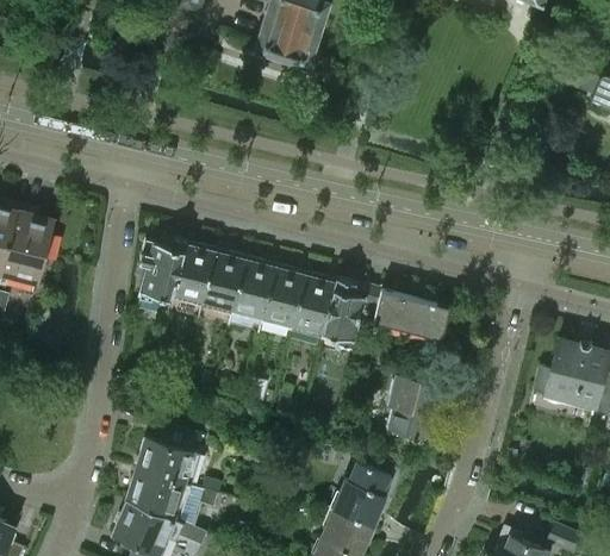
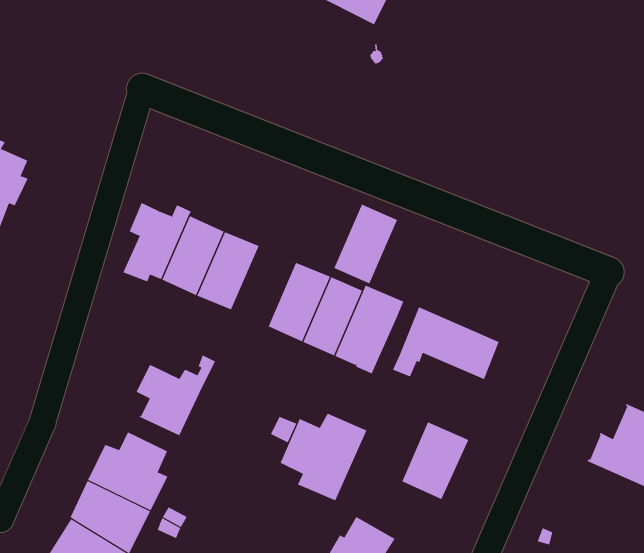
building: [231,260,276,323] -> [334,204,398,284]
building: none -> [136,355,216,436]
building: none -> [280,413,367,501]

